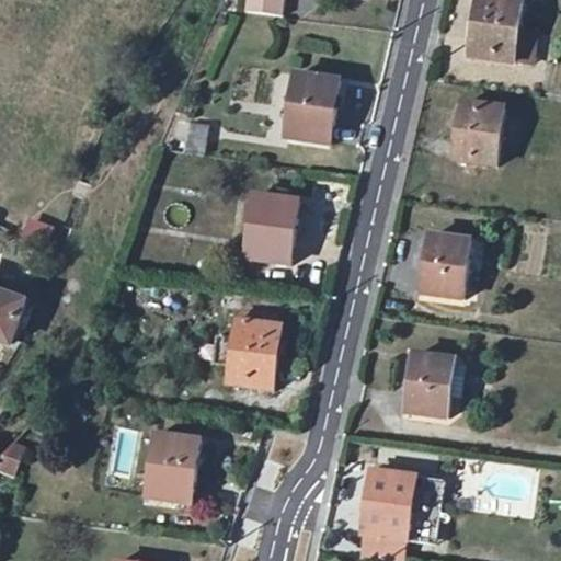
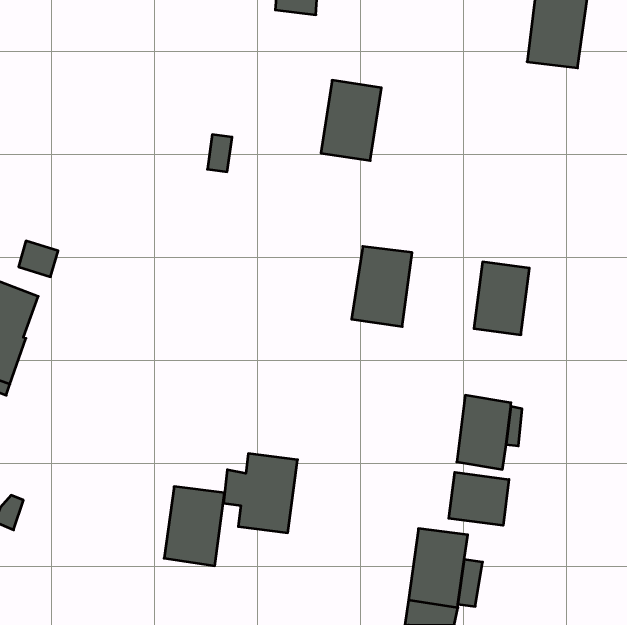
building: [454,100,503,164] -> none
building: [244,192,298,263] -> [352,246,412,327]
building: [215,318,280,388] -> [223,454,298,533]
building: none -> [449,472,509,525]

